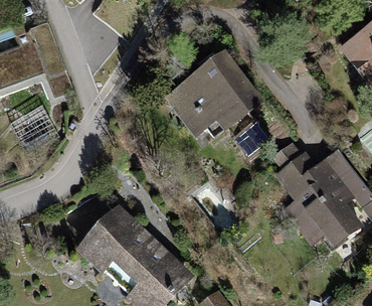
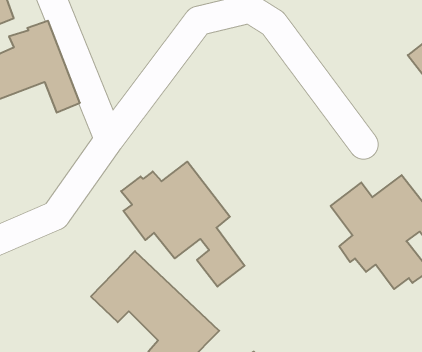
building: [169,56,270,159] -> [121,162,245,287]

